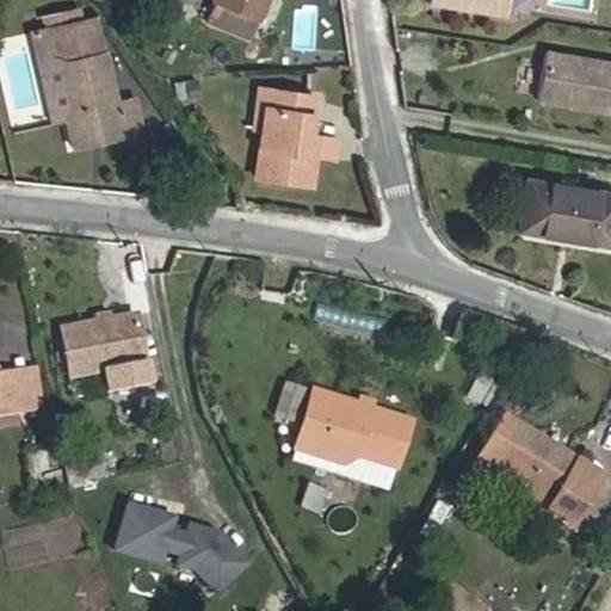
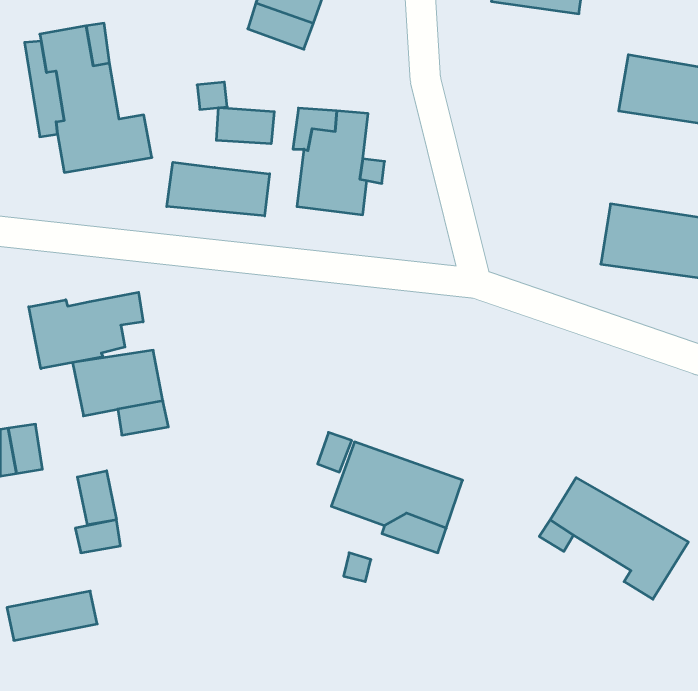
building: none -> [216,108,274,144]
building: none -> [167,162,270,216]
building: none -> [29,292,143,369]
building: none -> [77,471,116,525]
building: [117,505,248,586] -> none

